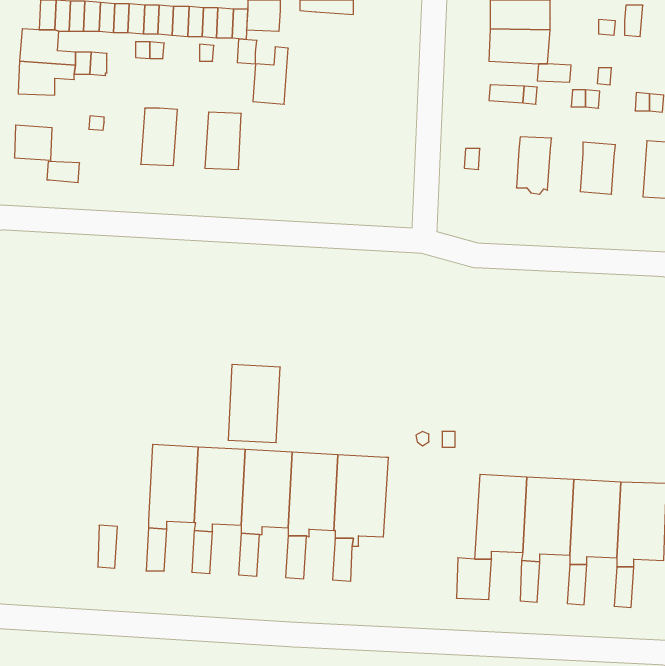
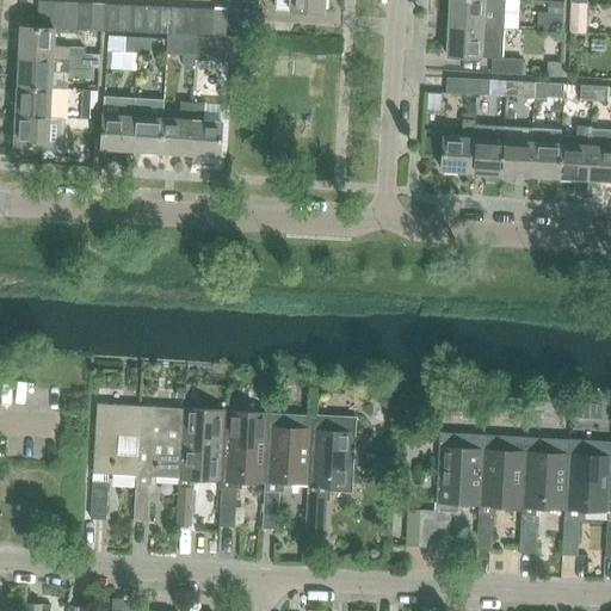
building: [253,47,288,104] -> [160,101,192,154]
building: none -> [16,86,67,117]
building: none -> [101,97,134,150]
building: none -> [444,118,477,172]
building: none -> [502,126,535,179]
building: none -> [561,128,593,180]
building: [228,364,280,443] -> [93,405,141,476]

